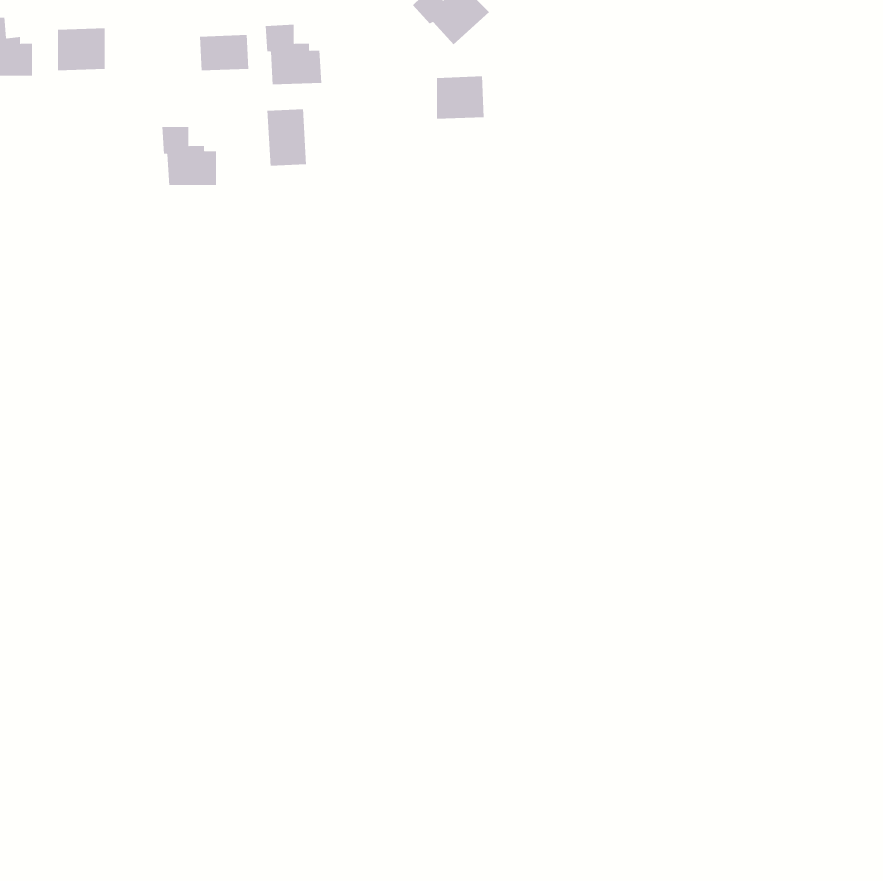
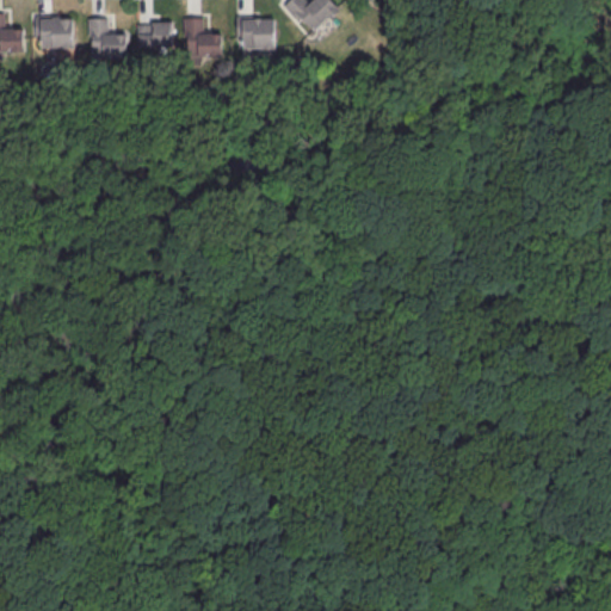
building: [436,76,485,119] -> [241,19,274,49]
building: [267,109,307,166] -> none
building: [161,127,217,185] -> [87,18,125,58]

